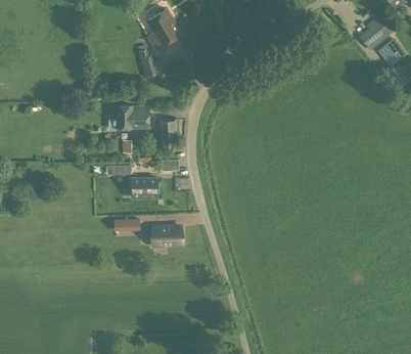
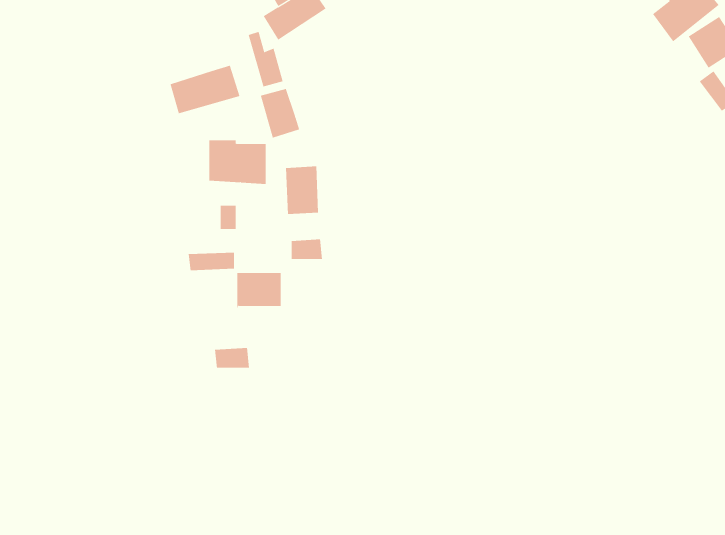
building: none -> [170,65,240,114]
building: none -> [260,88,300,138]
building: [150,225,180,245] -> none

